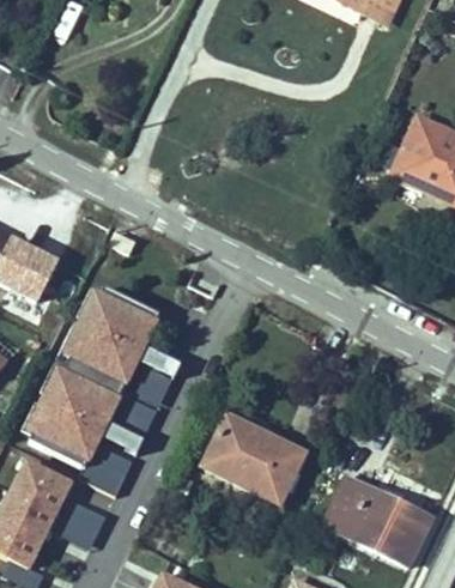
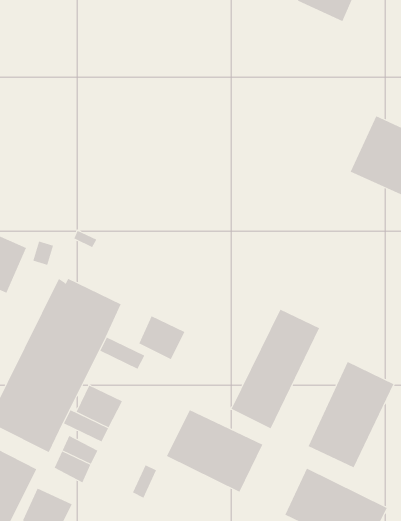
building: none -> [231,309,320,429]
building: [127,362,175,407] -> [138,315,185,360]
building: none -> [308,361,394,468]

